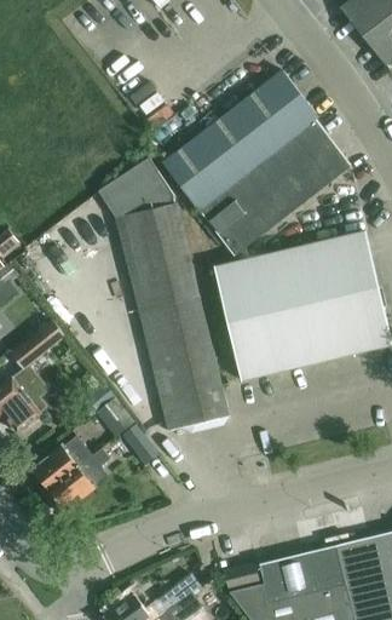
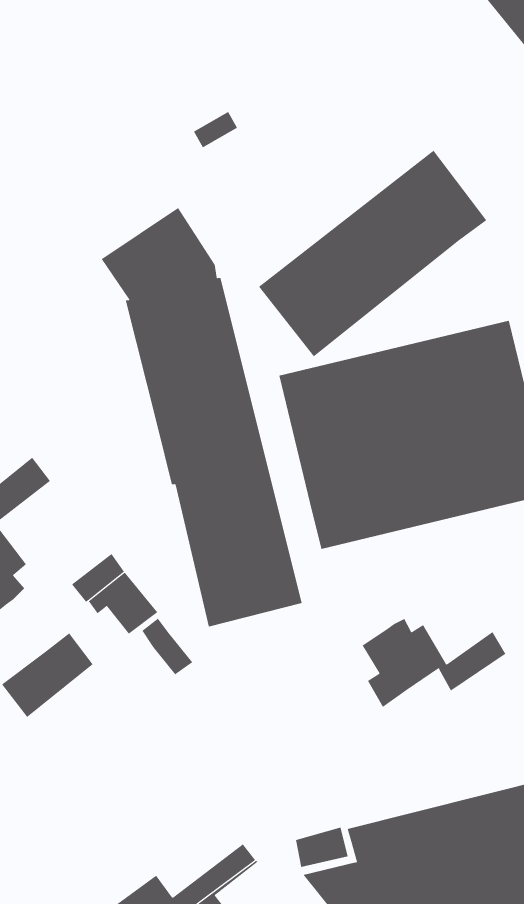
building: [165,71,318,211] -> none
building: none -> [362,618,506,708]
building: [50,449,111,511] -> none

